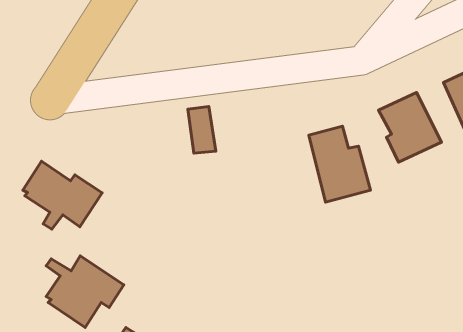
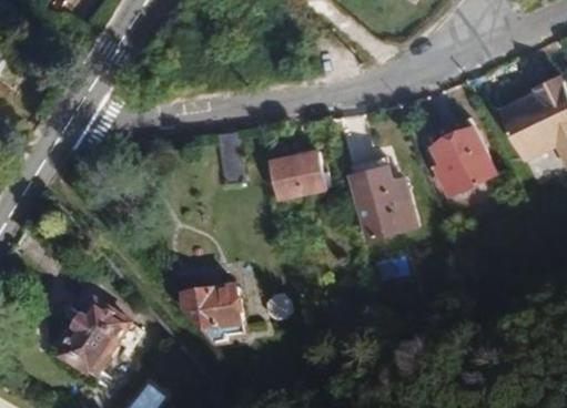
building: none -> [270,151,326,198]
building: [23,161,102,229] -> none
building: none -> [183,287,244,344]

